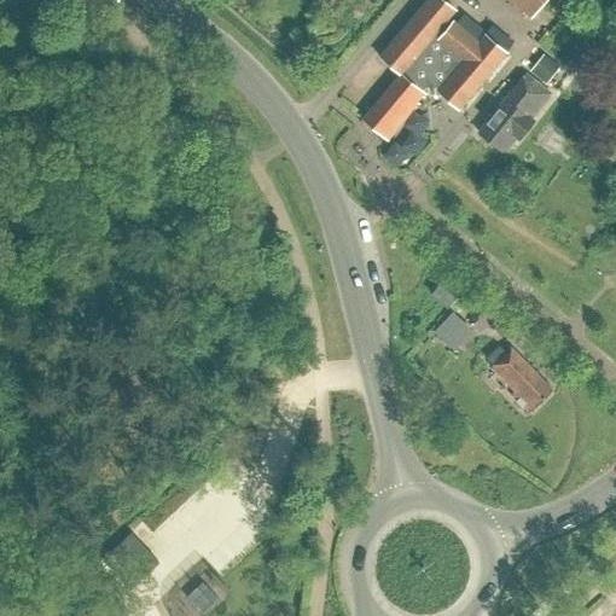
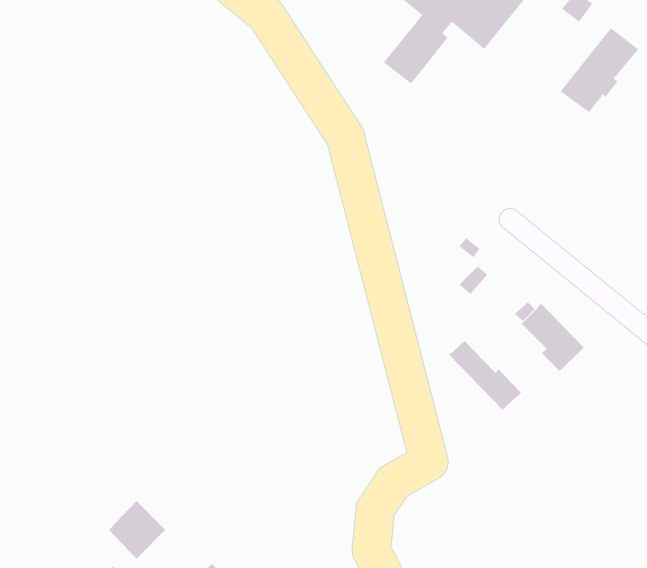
building: [480,74,554,155] -> [560,27,639,113]
building: none -> [448,339,522,411]

